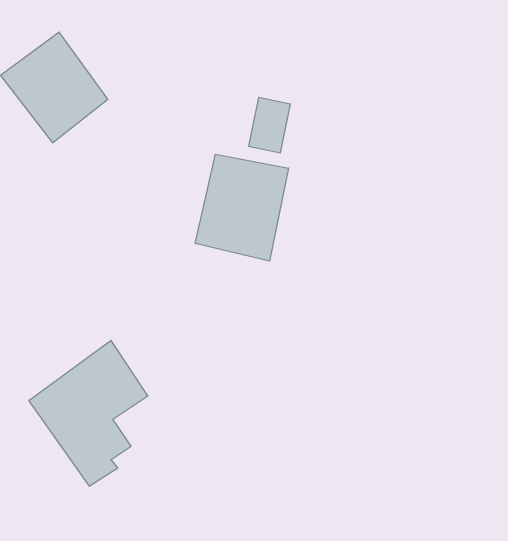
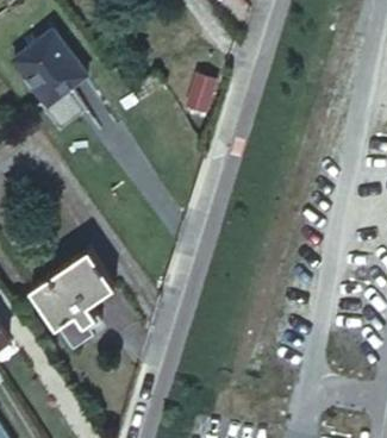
building: [195,154,289,261] -> none

